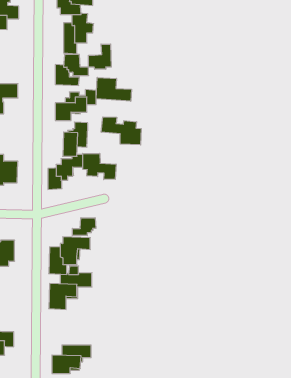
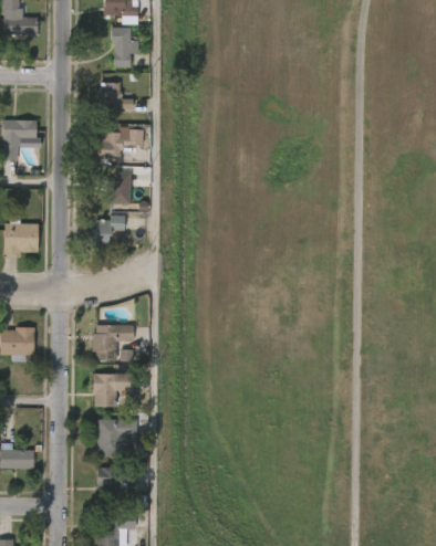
building: [89,44,111,69] -> none
building: [96,77,131,101] -> none
building: [101,117,141,145] -> none
building: [83,153,116,180] -> none
building: [72,218,96,236] -> none
building: none -> [98,419,138,455]

